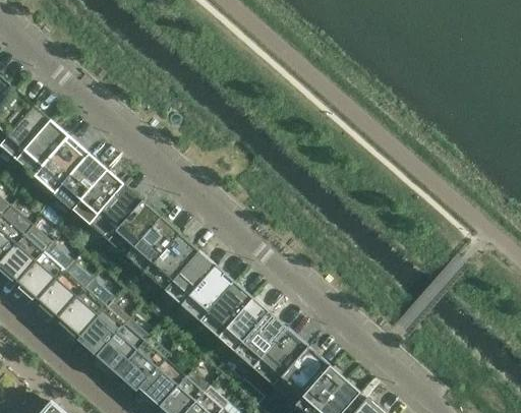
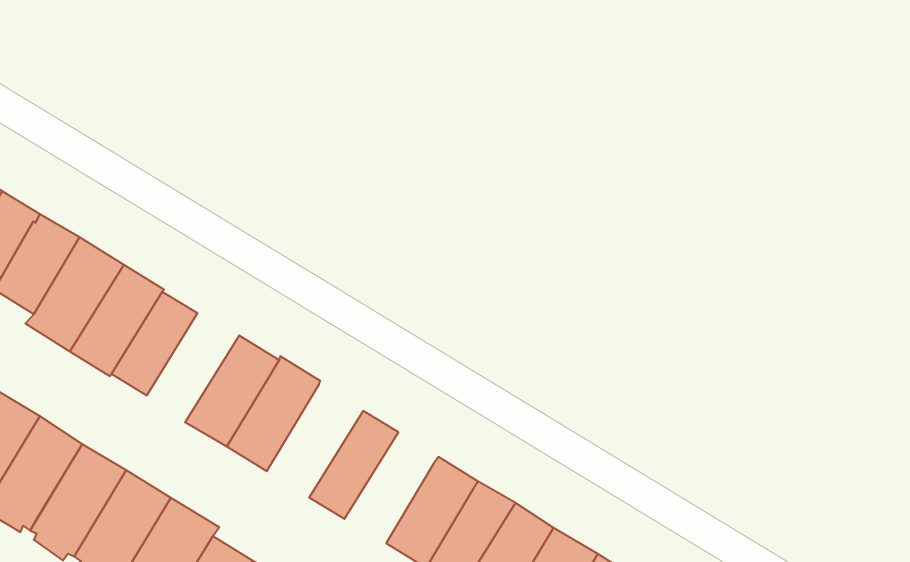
building: [90,186,143,242] -> none
building: [144,235,200,292] -> none
building: [181,267,235,322] -> none

